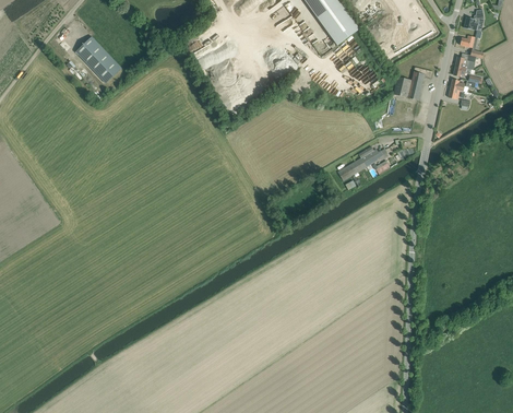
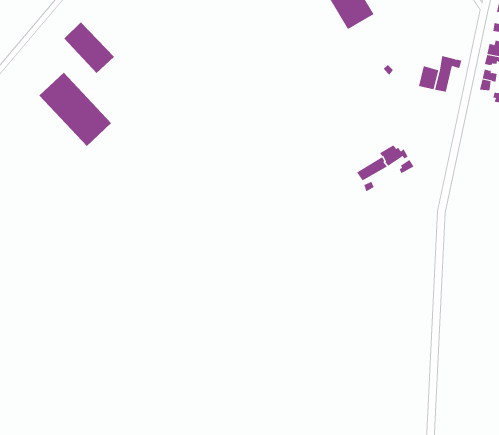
building: none -> [39,72,112,147]

